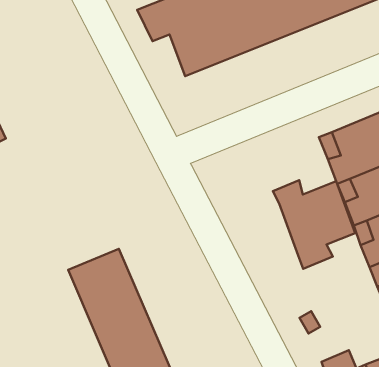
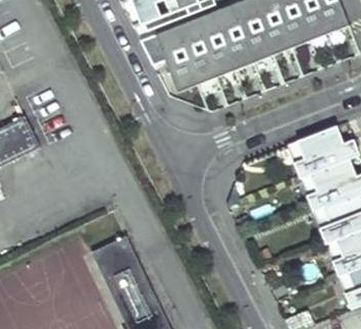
building: [273,180,355,269] -> none

